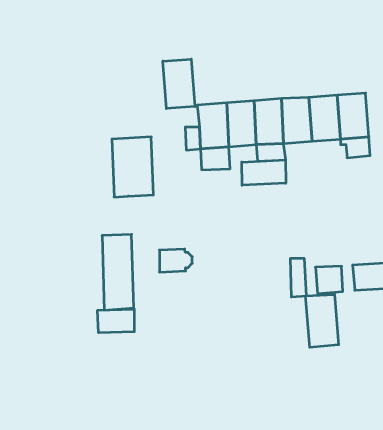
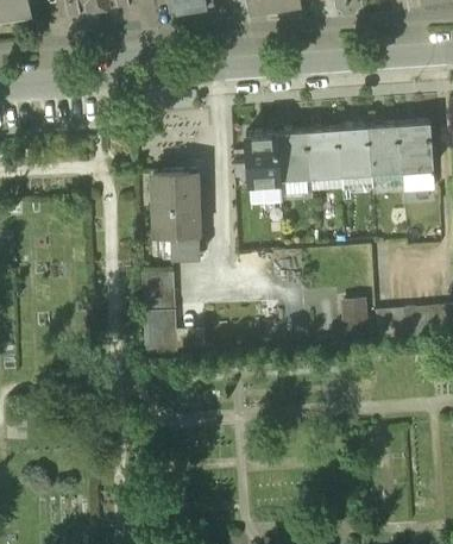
building: [163,59,195,109] -> none
building: [242,160,286,185] -> none
building: [159,249,192,272] -> [171,233,207,258]
building: [305,294,339,347] -> none
building: [98,309,134,333] -> none

